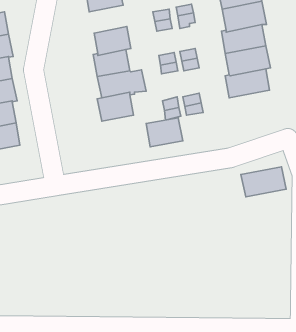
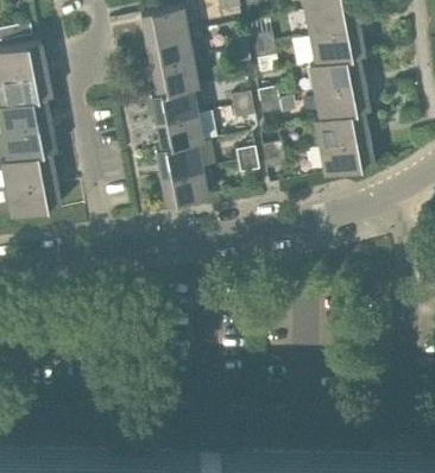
building: none -> [146,34,193,69]
building: [146,118,183,147] -> [162,170,207,206]
building: [241,167,286,197] -> [319,139,374,176]

